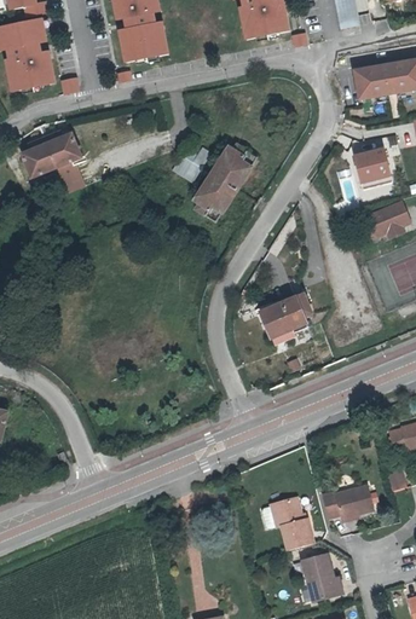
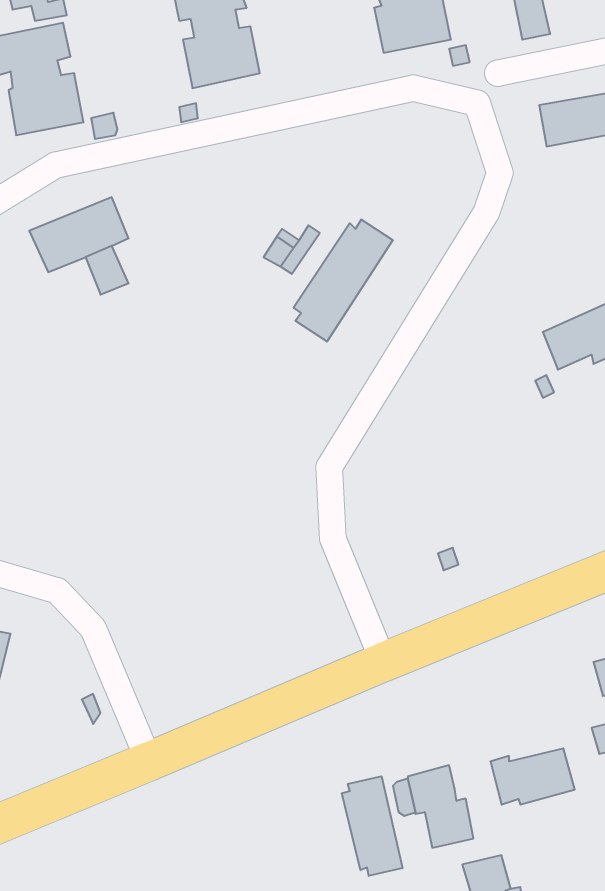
building: [348,146,385,181] -> none
building: [253,294,304,337] -> none
building: none -> [342,776,402,876]

